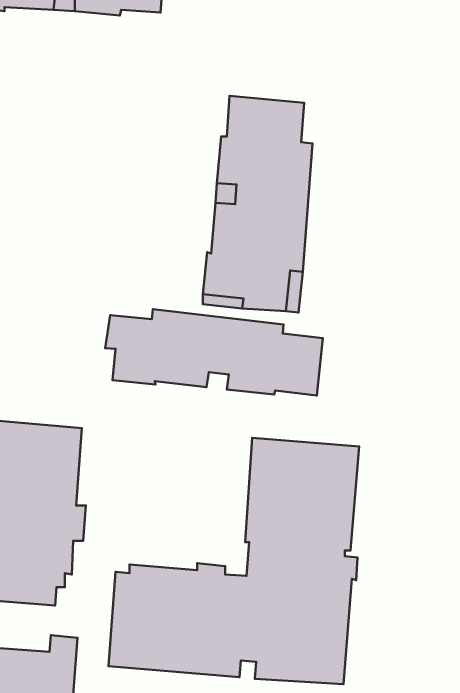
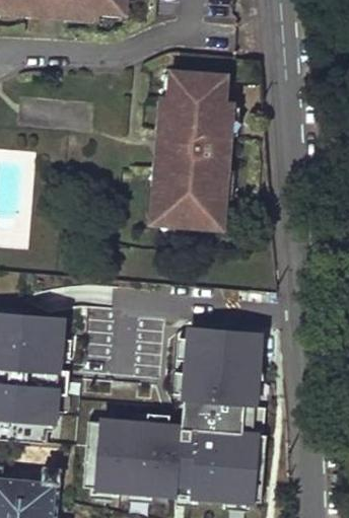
building: [105,309,323,395] -> none

